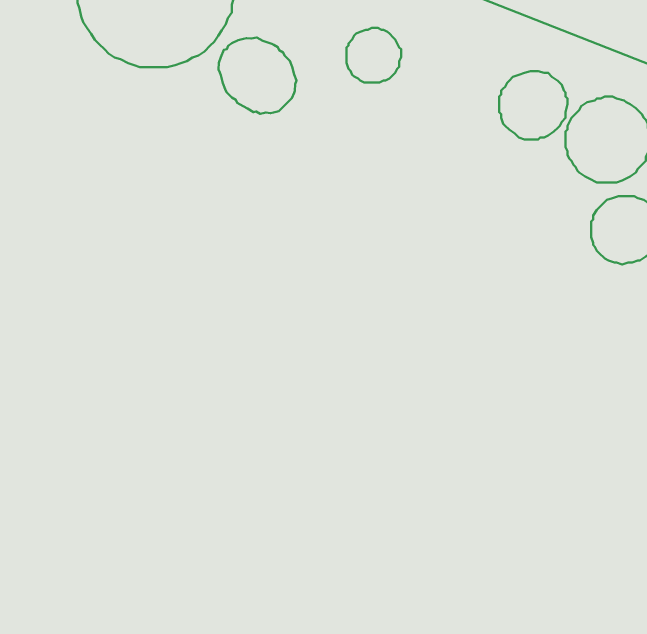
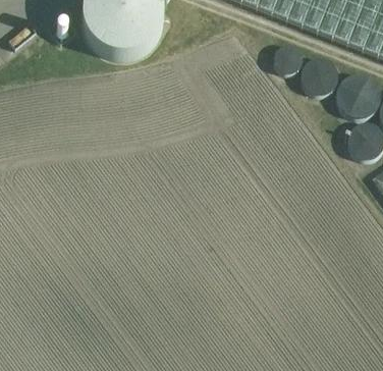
building: [346,28,401,82] -> [274,45,303,73]
building: [218,37,297,114] -> none

